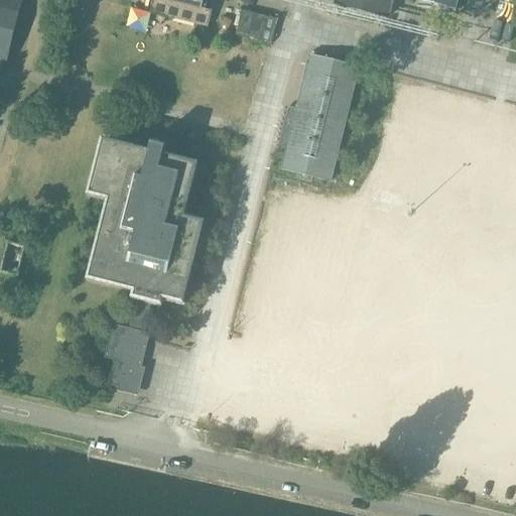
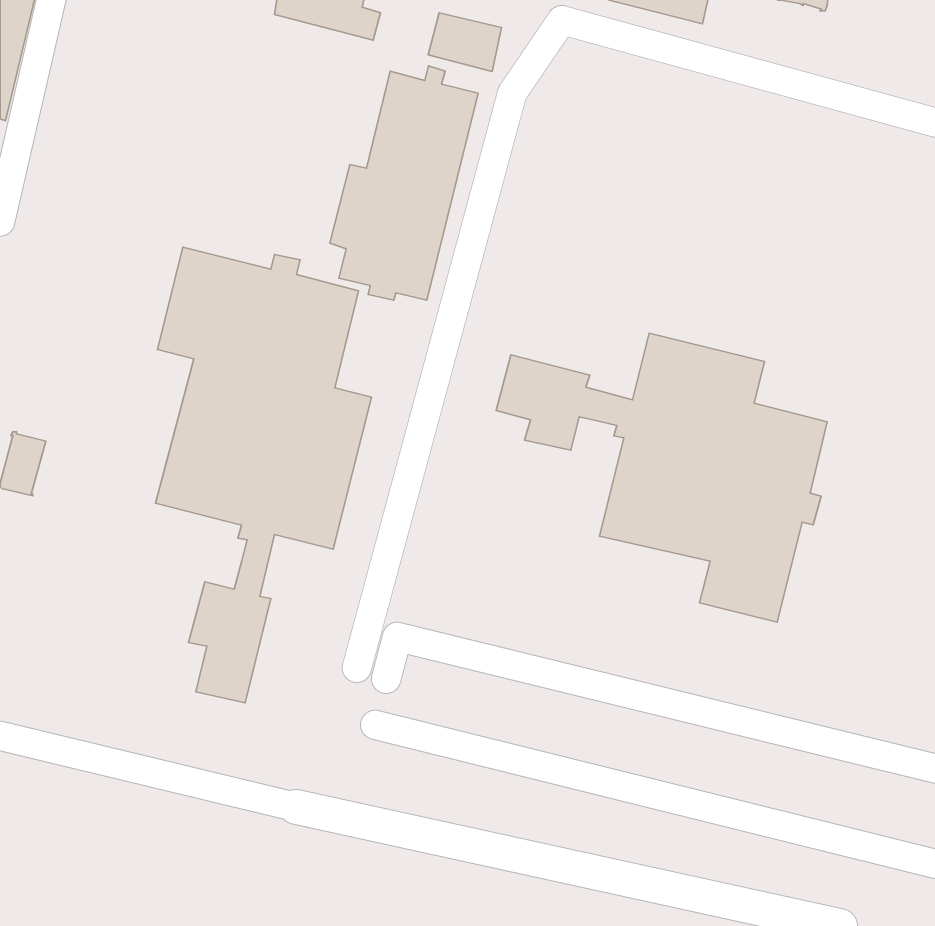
building: [276,48,358,177] -> [330,66,478,300]
building: none -> [496,333,827,622]

